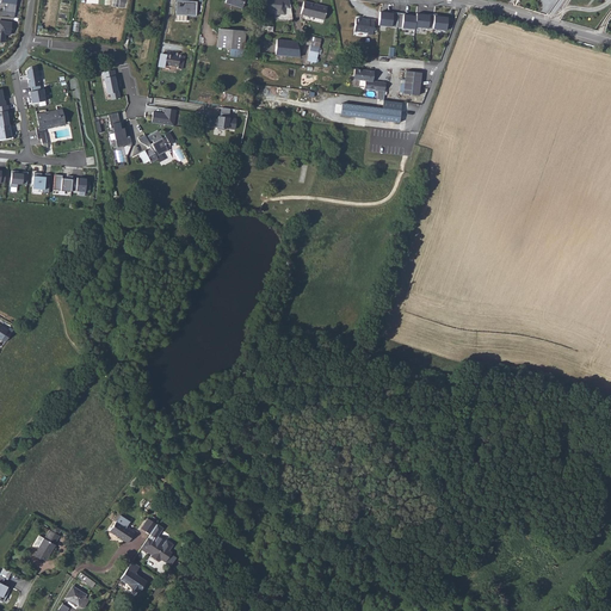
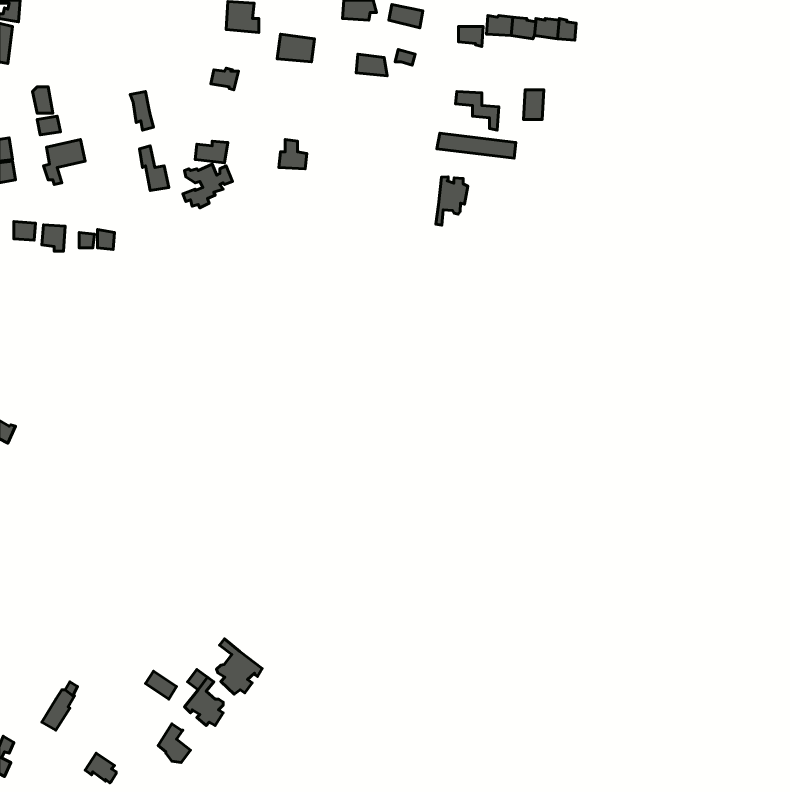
building: none -> [436,177,468,225]
building: none -> [217,639,262,694]

